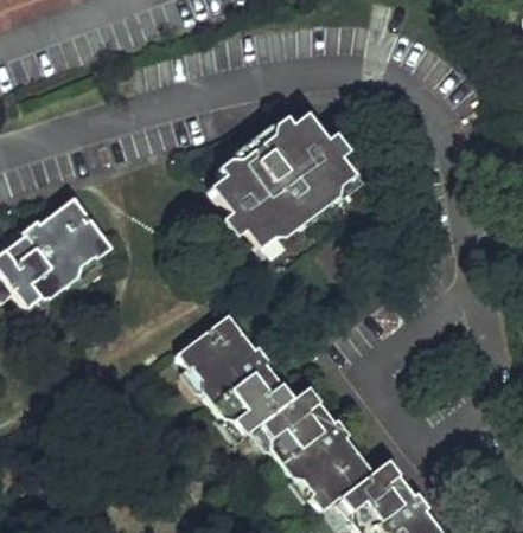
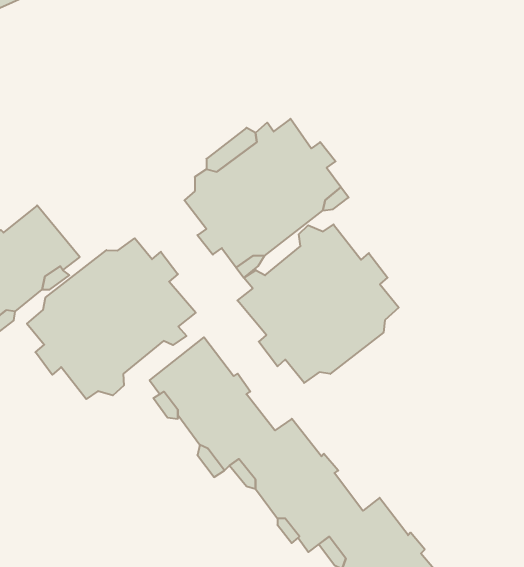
building: none -> [237,224,399,383]
building: none -> [27,238,196,399]

